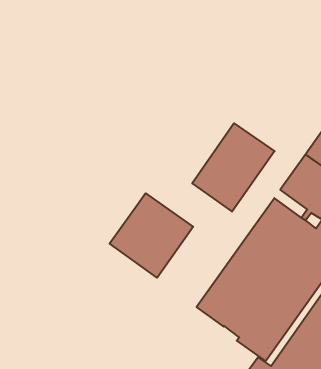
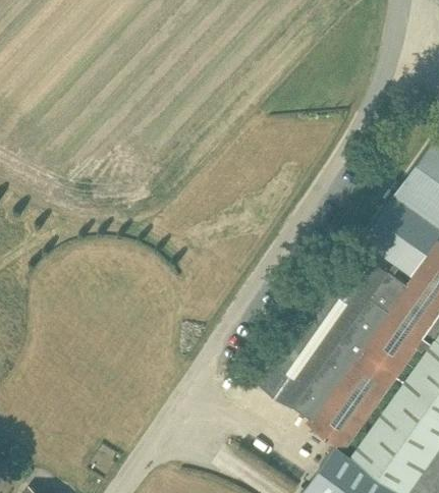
building: [192,123,275,212] -> none
building: [110,193,193,278] -> none

